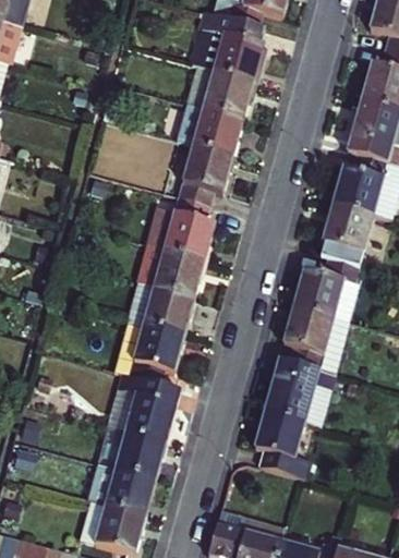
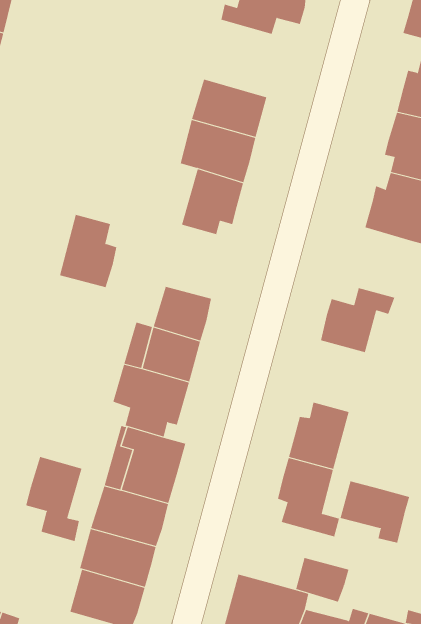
building: [186,16,267,87] -> none
building: [160,201,211,266] -> [59,214,117,288]
building: [327,203,377,265] -> none
building: [287,303,338,366] -> none
building: none -> [26,456,82,542]
building: none -> [340,481,410,544]
building: none -> [296,557,349,602]

